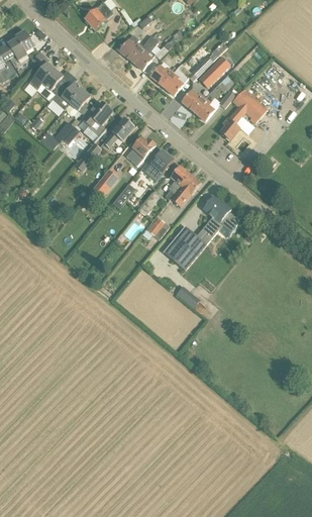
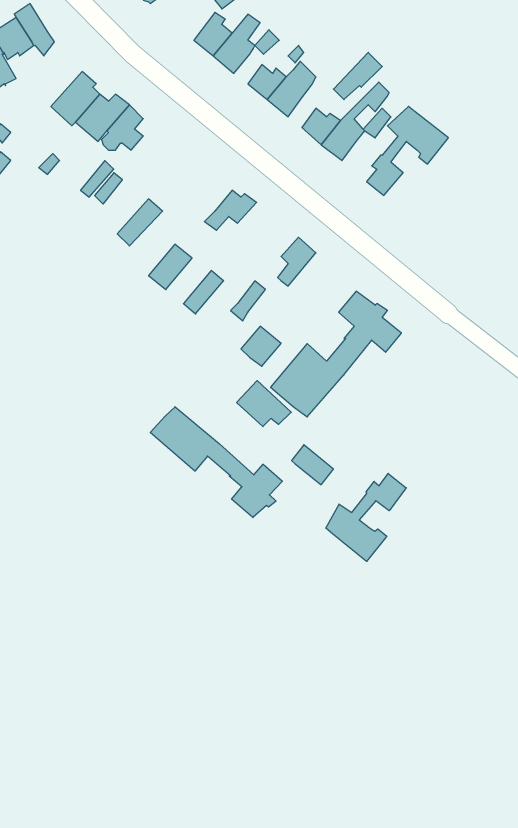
building: [28,51,55,89] -> none
building: [82,102,112,136] -> none
building: [102,117,134,147] -> none
building: [144,150,173,180] -> none
building: [170,174,201,207] -> none
building: none -> [237,381,291,427]
building: none -> [150,407,282,518]
building: none -> [326,473,406,561]

